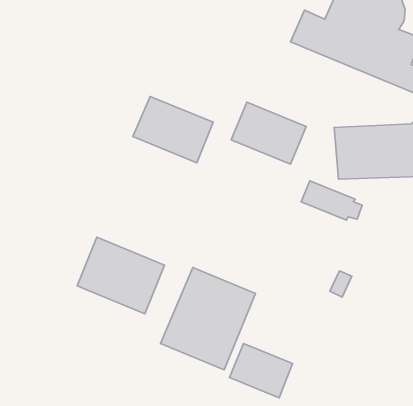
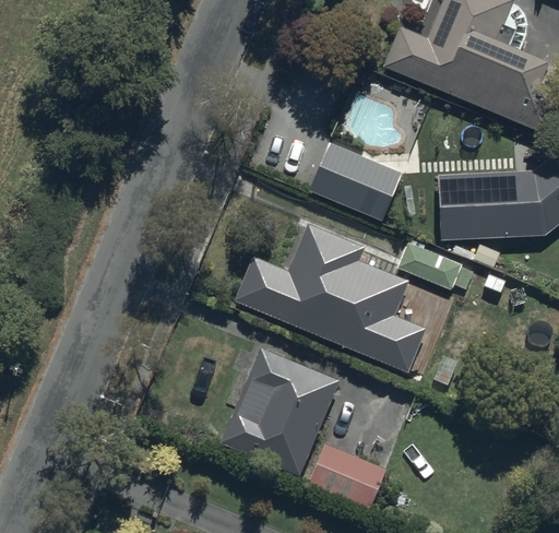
building: [133,96,213,163] -> none
building: none -> [234,224,427,371]
building: [77,237,165,314] -> none

